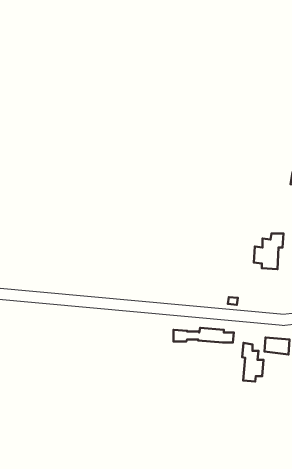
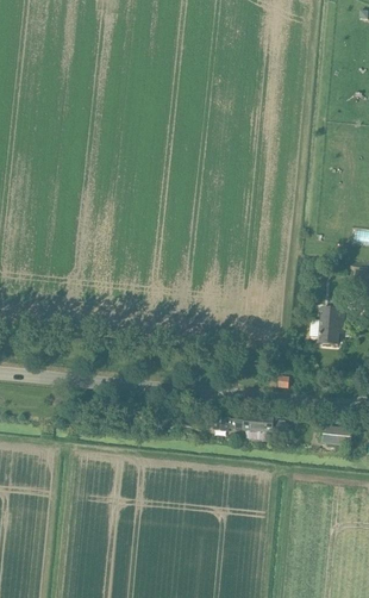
building: [242,343,264,381] -> none

